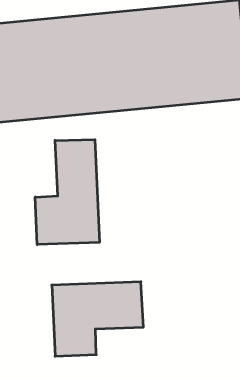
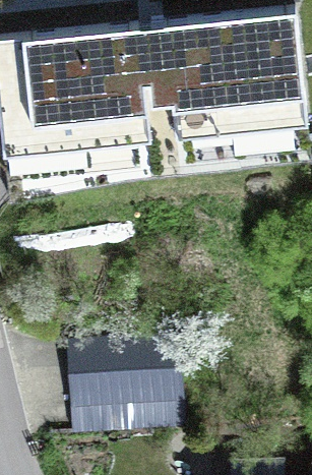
building: [35,140,99,245] -> none

